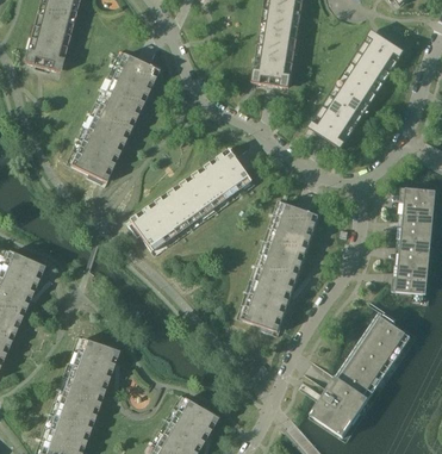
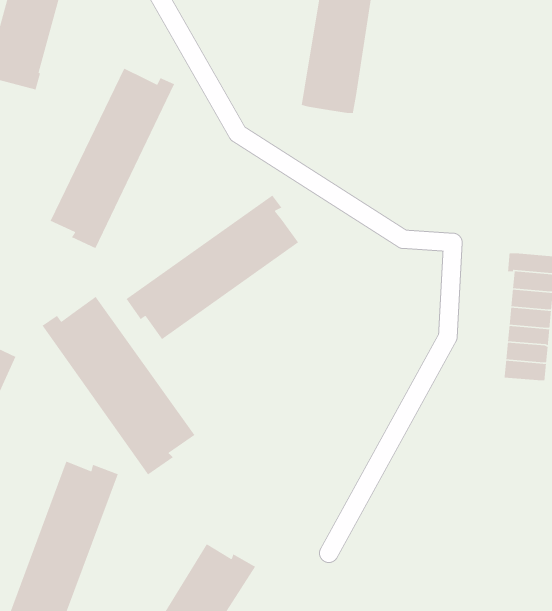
building: [310,30,405,148] -> none
building: [243,201,322,335] -> none
building: none -> [41,296,195,475]
building: [393,276,429,300] -> none
building: [316,313,412,436] -> none

